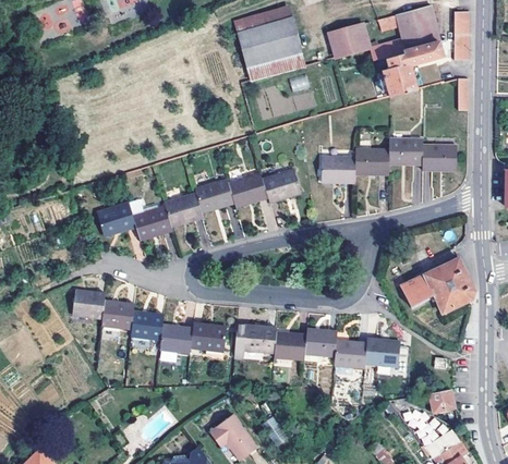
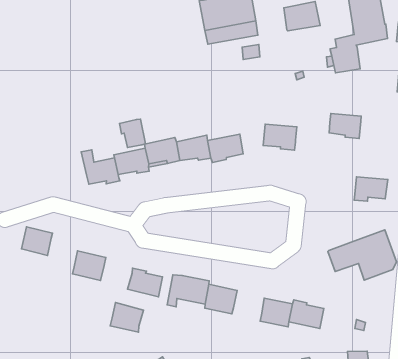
building: [422,145,456,170] -> [354,177,388,201]
building: [354,149,389,174] -> none
building: none -> [119,119,146,147]
building: [96,204,135,234] -> none
building: [100,298,134,327] -> none
building: [159,322,193,352] -> [110,303,143,332]
building: [304,331,337,358] -> none

